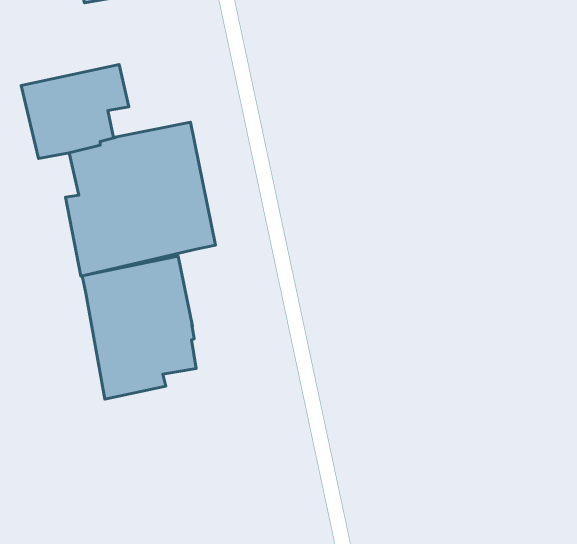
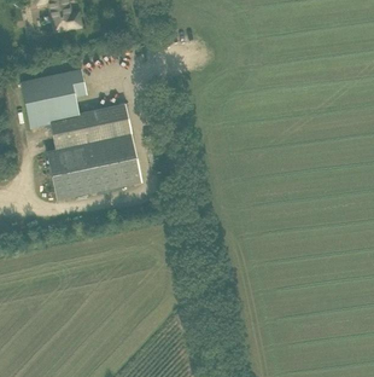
building: [82,256,196,399] -> none

